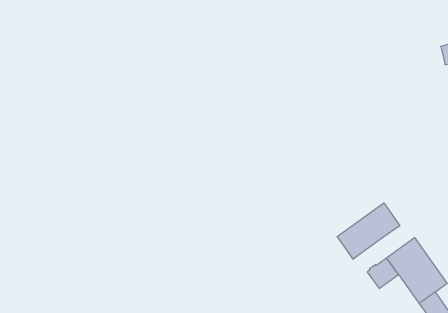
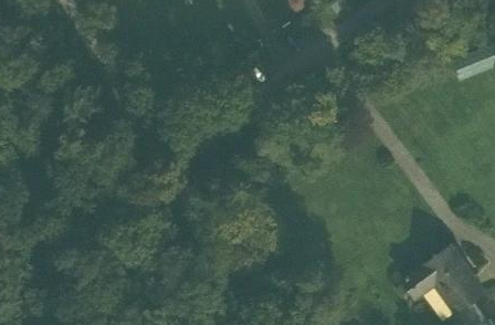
building: [337,203,400,259] -> none

